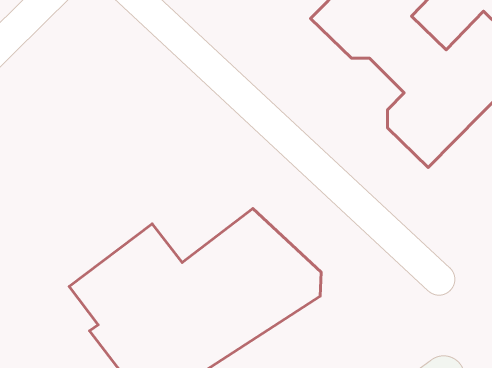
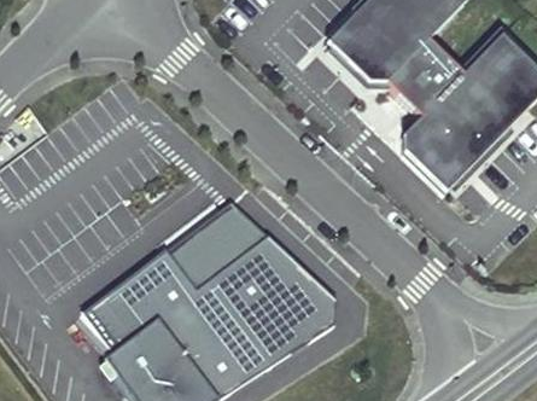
building: none -> [165,200,267,289]

